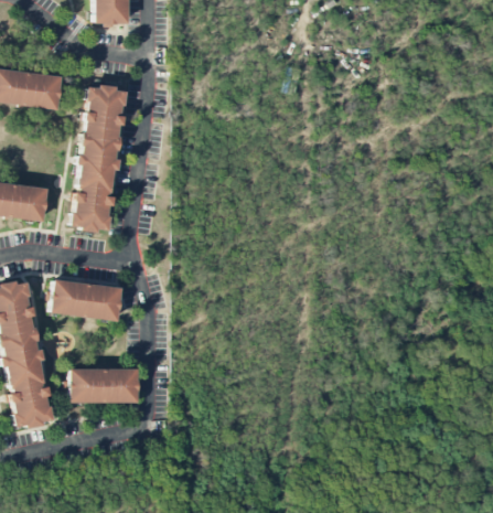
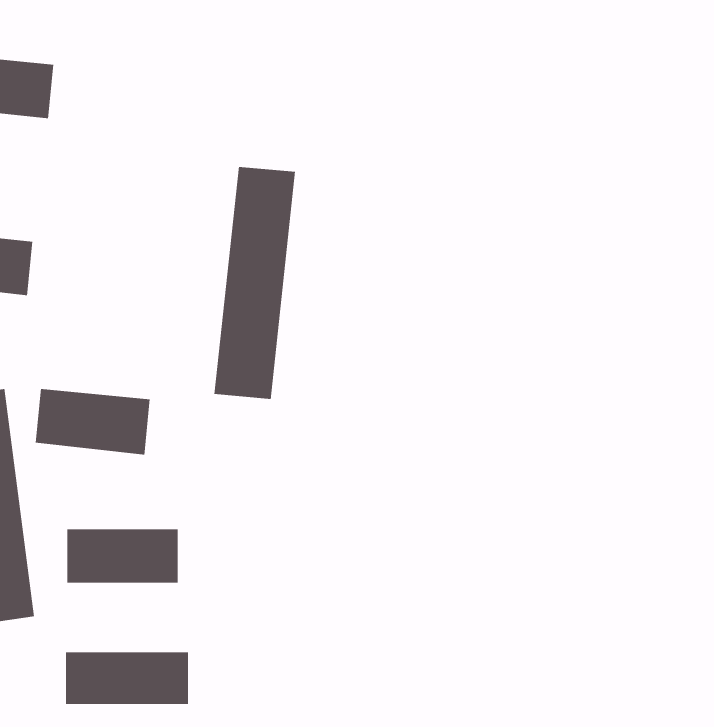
building: [73,86,125,233] -> [214,166,296,399]
building: none -> [65,652,189,705]

